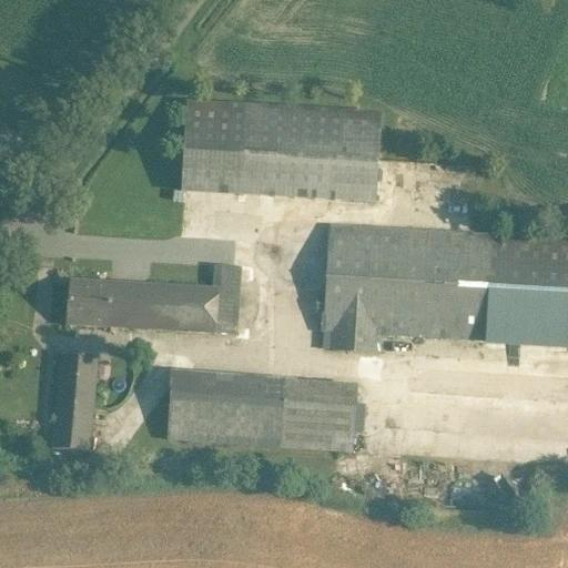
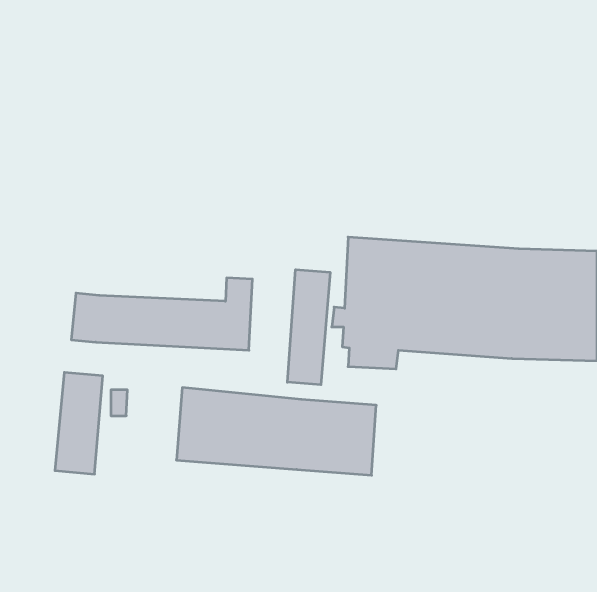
building: [182,100,381,200] -> none
building: none -> [287,270,330,385]

